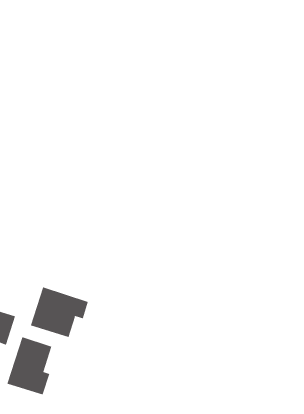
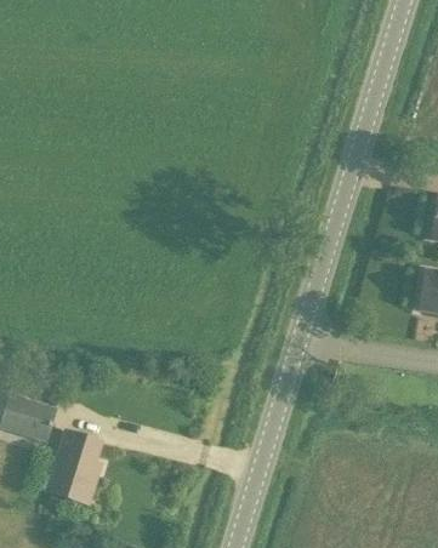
building: [30,286,88,338] -> none

